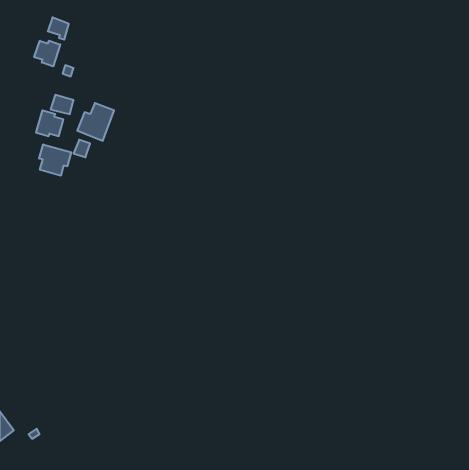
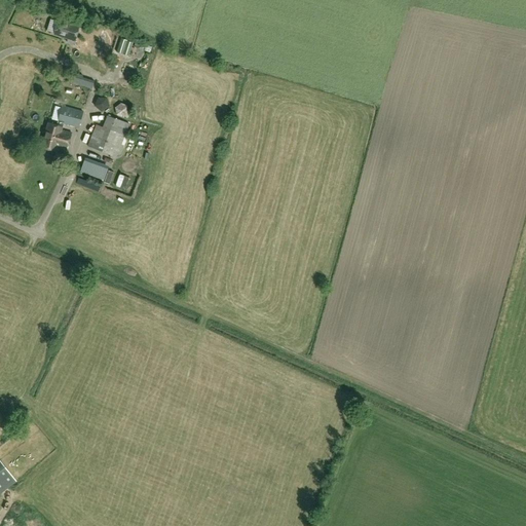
building: [34,41,60,66] -> none
building: [39,144,71,176] -> none

